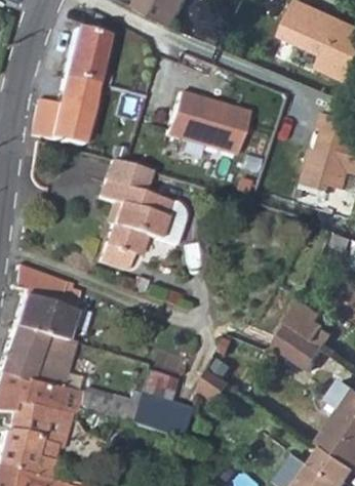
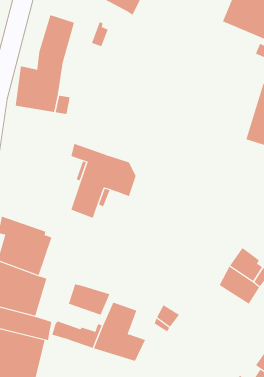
building: [165,88,246,154] -> none
building: [107,157,156,194] -> none
building: none -> [68,283,110,316]

